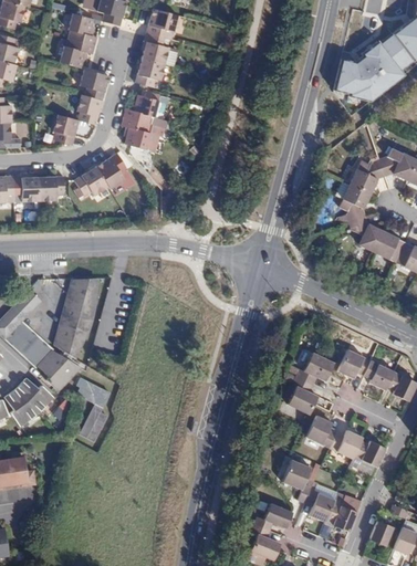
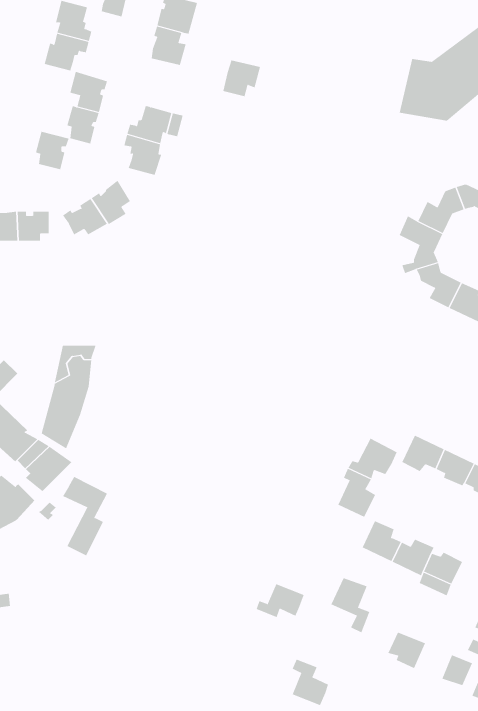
building: [136,57,166,86] -> [222,60,261,97]
building: [306,486,334,521] -> none
building: [256,503,293,530] -> [256,584,304,618]

